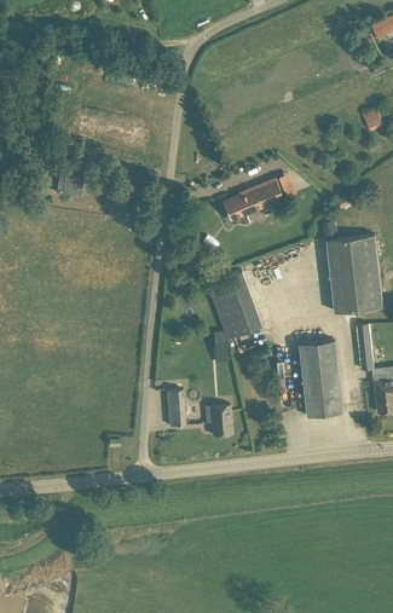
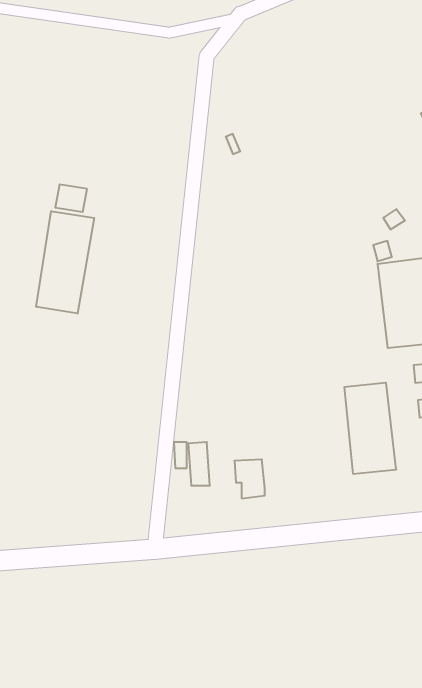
building: [222,178,284,221] -> none
building: none -> [36,211,94,314]
building: [207,272,262,340] -> none

